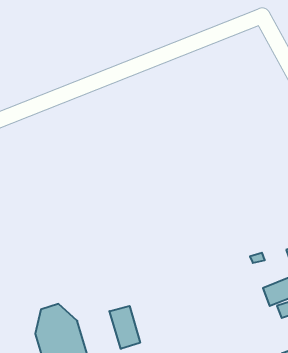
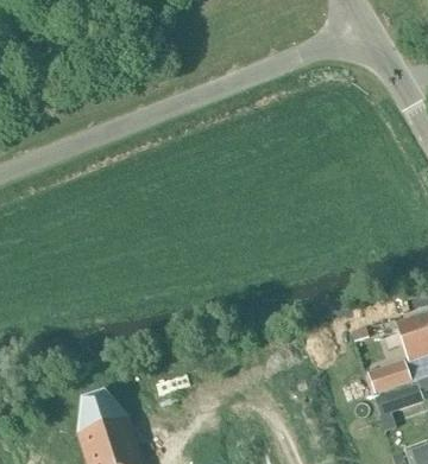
building: [109,306,140,349] -> none

